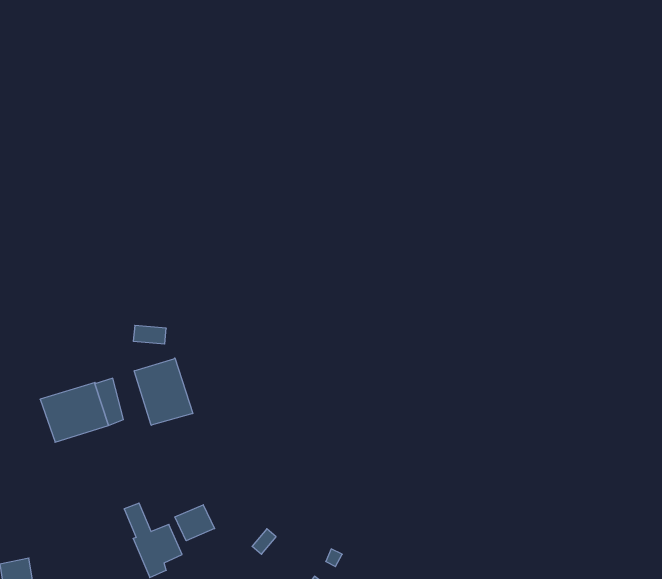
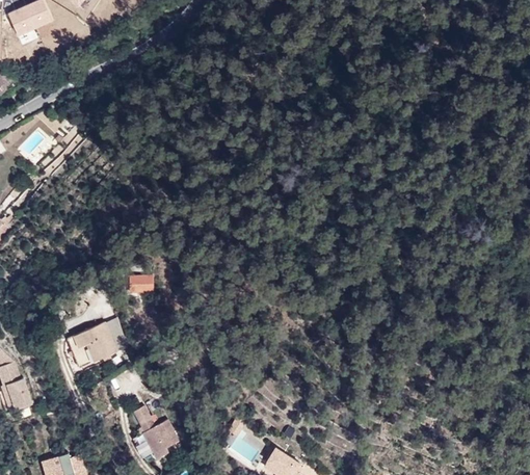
building: [134,358,193,425] -> none
building: [175,505,215,541] -> none

